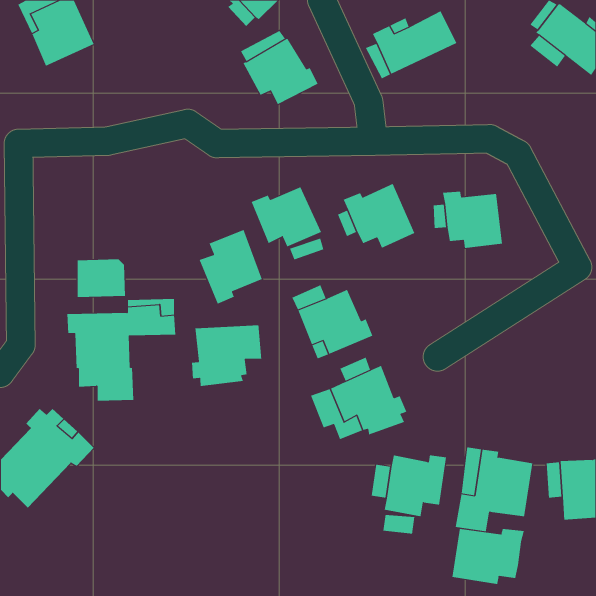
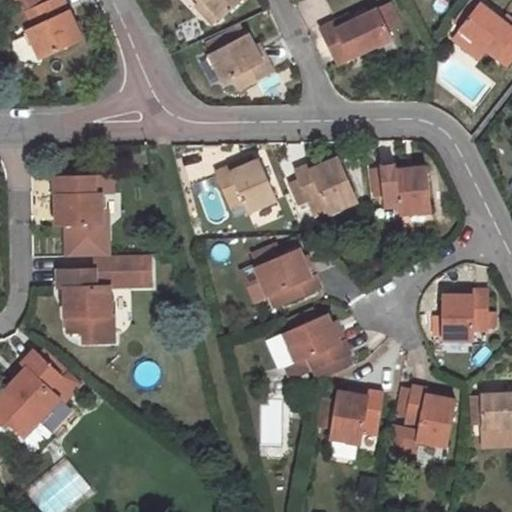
building: none -> [55,176,111,223]
building: [199,229,263,304] -> none
building: [191,325,262,387] -> none
building: none -> [442,290,488,338]
building: [452,528,524,585] -> none

